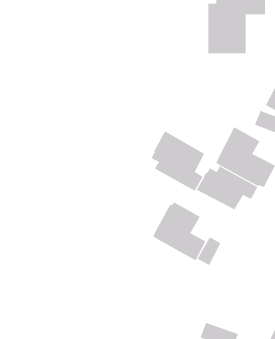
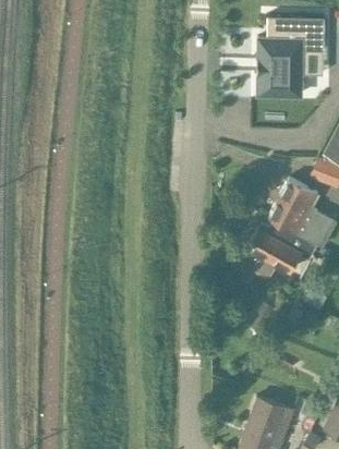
building: [151,131,205,191] -> none
building: [153,202,206,261] -> none

